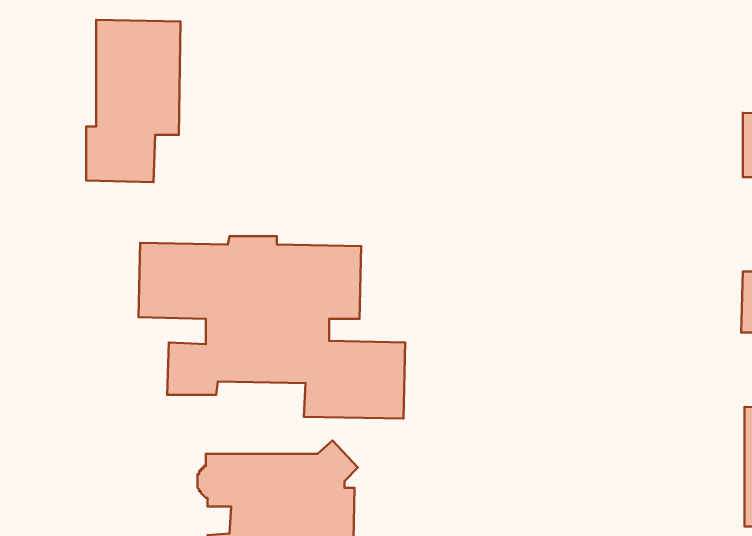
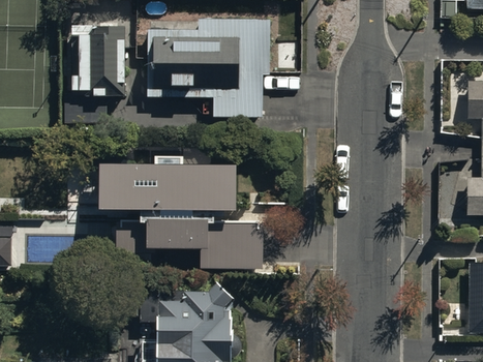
building: none -> [147,19,270,118]

